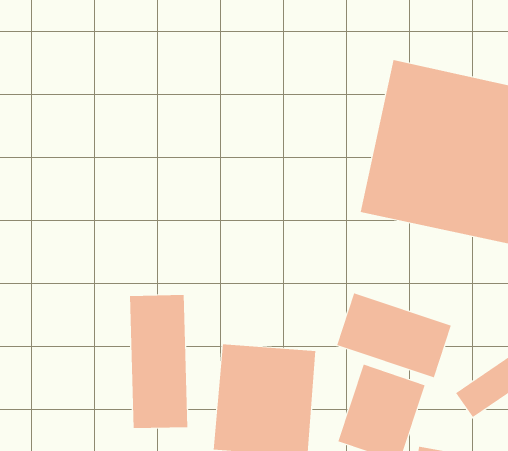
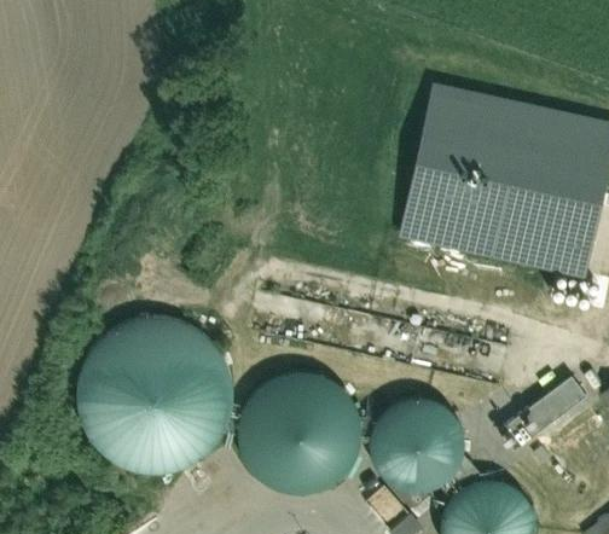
building: none -> [92,321,166,465]
building: [337,293,451,378] -> none

